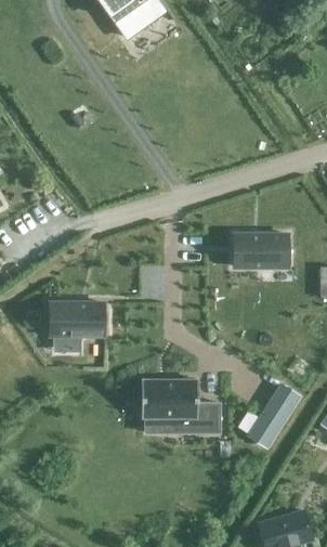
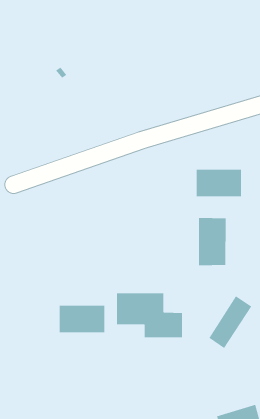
building: none -> [198,217,226,266]
building: [50,303,104,336] -> [59,305,105,333]

